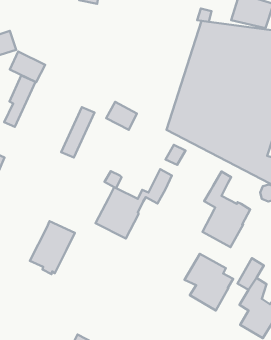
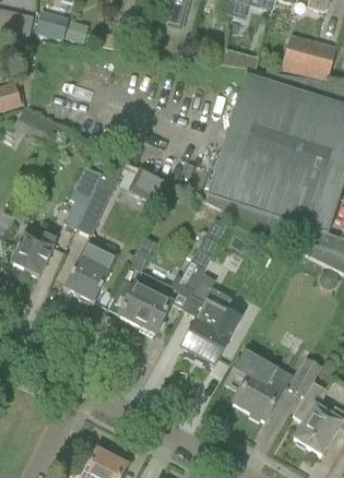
building: [4,76,36,127] -> [63,166,102,228]
building: none -> [10,232,56,276]
building: [203,172,250,247] -> [180,273,238,365]
building: [30,221,75,274] -> [63,239,118,303]

